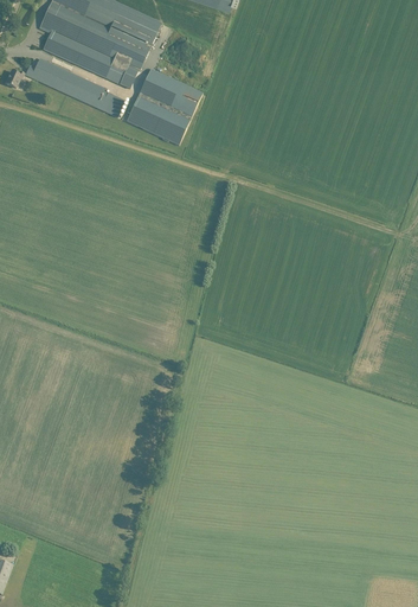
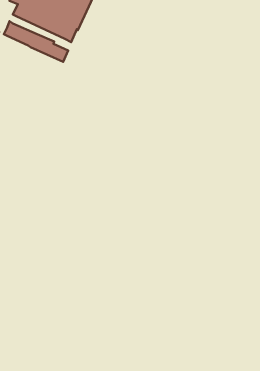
building: [124,68,201,143] -> none

